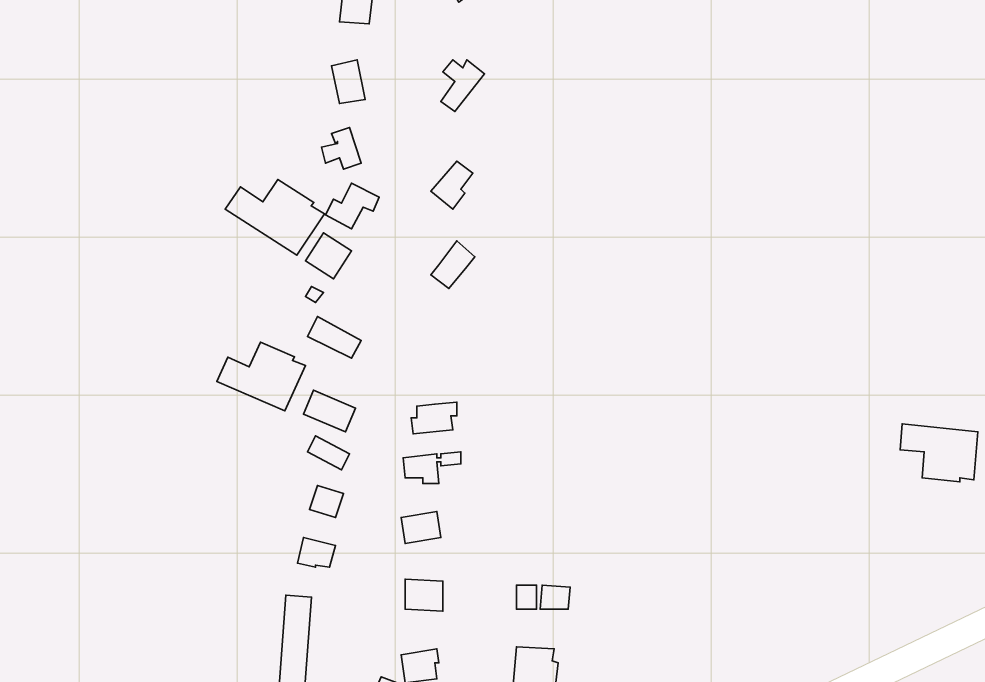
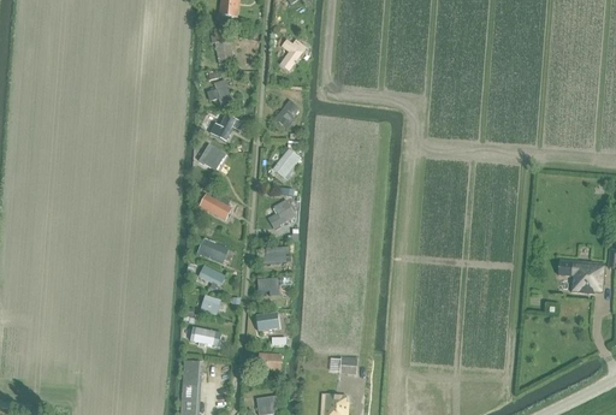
building: [225,180,325,255] -> none
building: none -> [267,196,296,231]
building: [217,342,305,411] -> none

